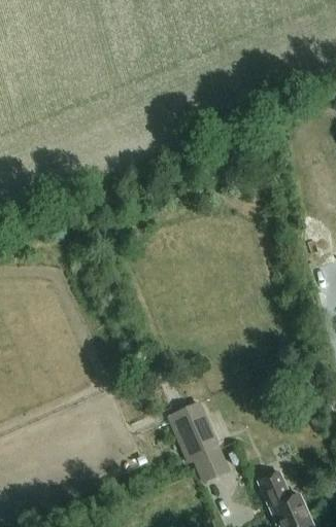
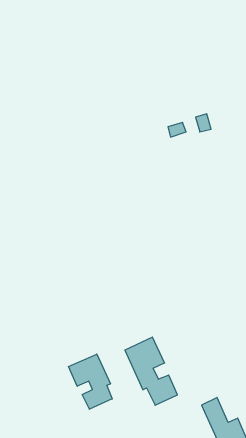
building: none -> [69,354,112,409]

